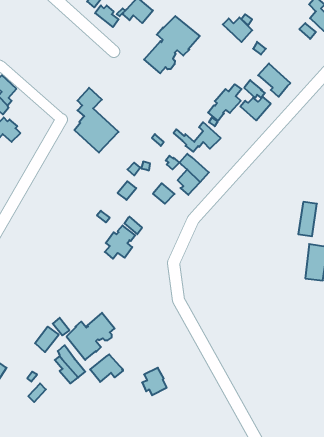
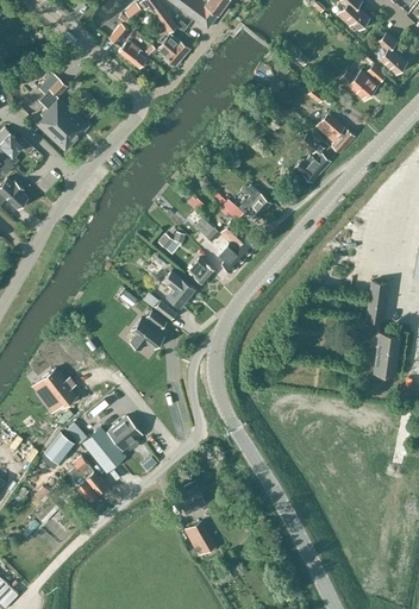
building: [144,16,200,73] -> none
building: [223,17,252,42] -> [340,70,376,100]
building: [208,84,242,121] -> none
building: [74,88,119,153] -> [35,73,88,151]
building: none -> [162,271,193,306]
building: none -> [39,368,76,410]
building: [90,354,123,382] -> none
building: none -> [185,521,214,554]

